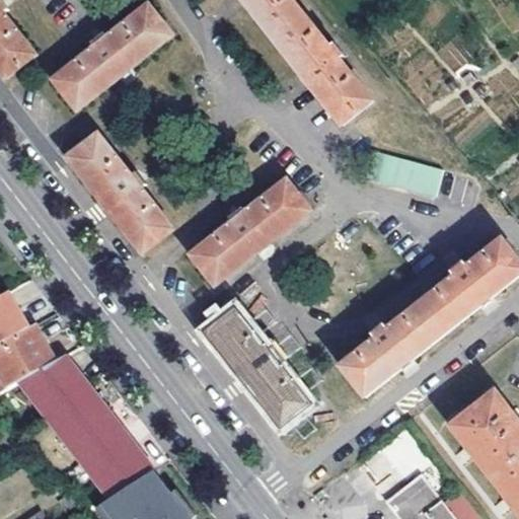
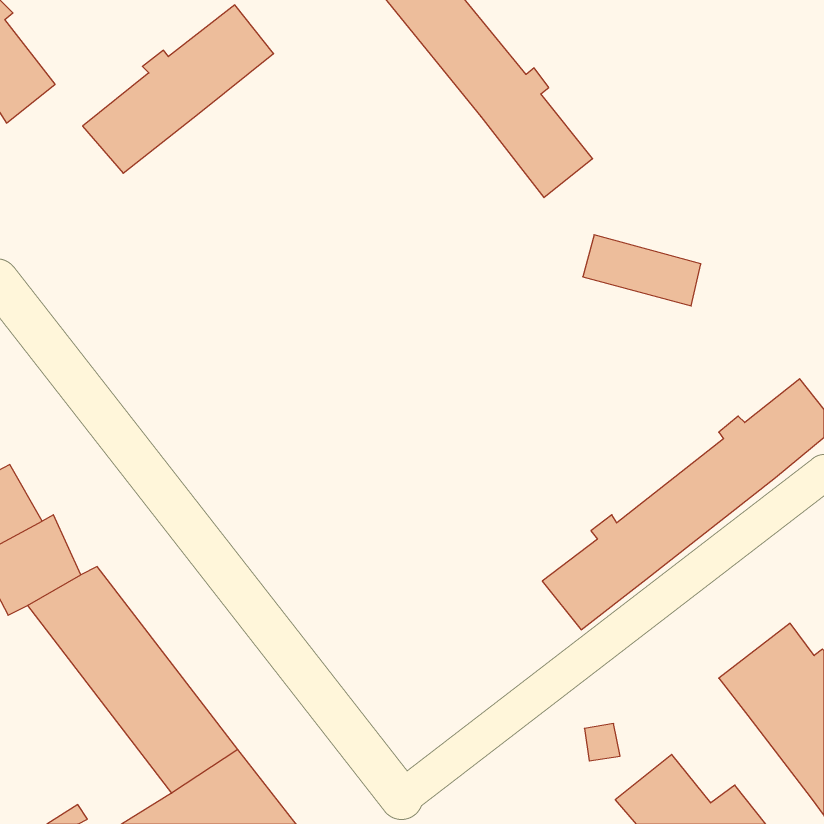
building: [67,133,173,252] -> none
building: [191,178,310,283] -> none
building: [204,307,310,427] -> none

